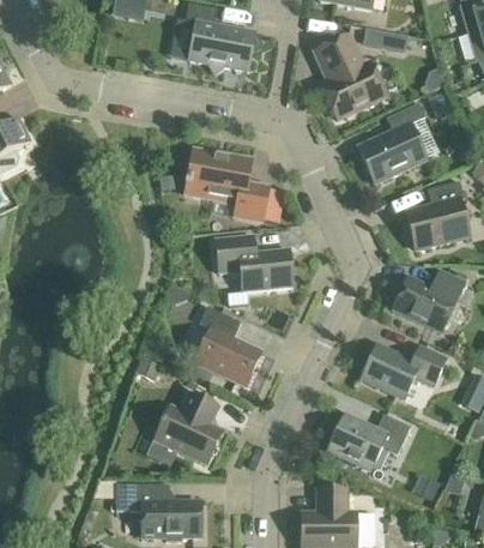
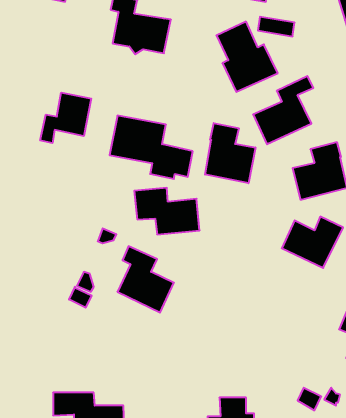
building: none -> [40,93,91,143]
building: none -> [205,123,255,183]
building: [361,343,447,398] -> none
building: [152,392,223,464] -> none
building: [327,412,410,469] -> none

